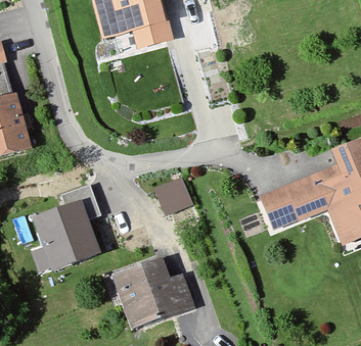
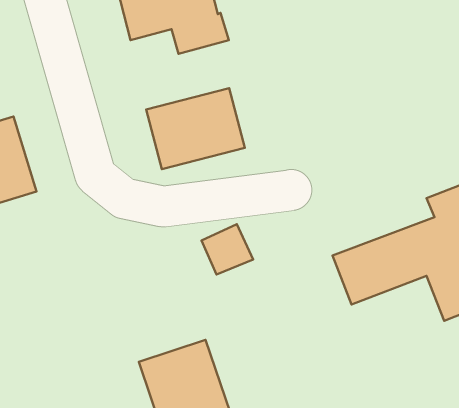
building: none -> [146,88,245,169]
building: [40,202,102,266] -> none

